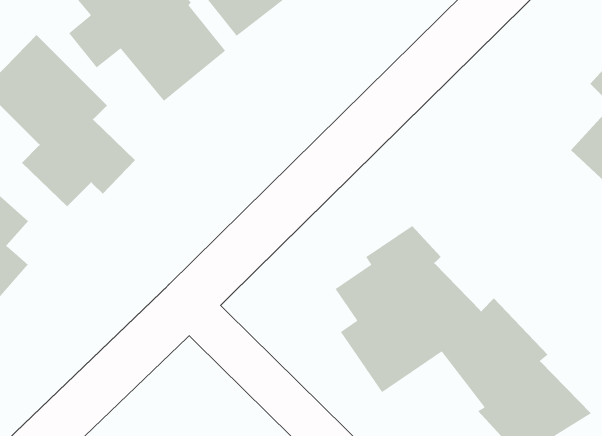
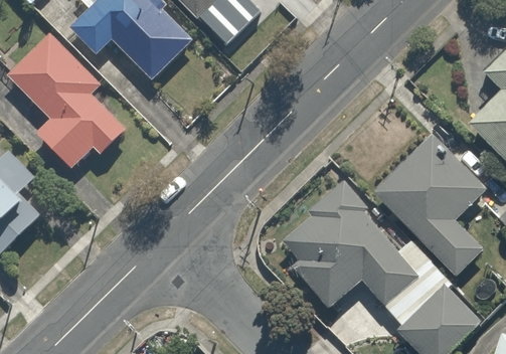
building: none -> [369,131,488,277]

